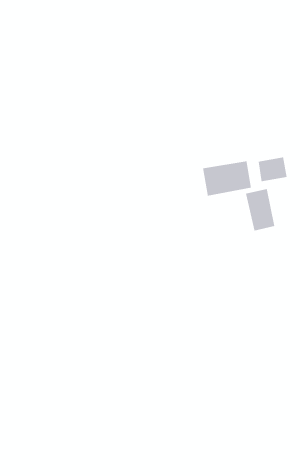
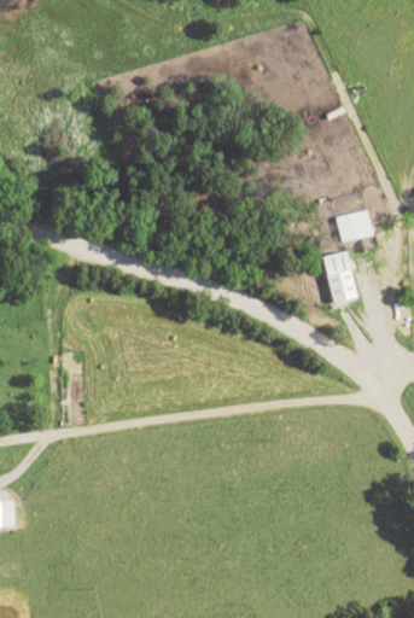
building: [202,161,251,197] -> none

